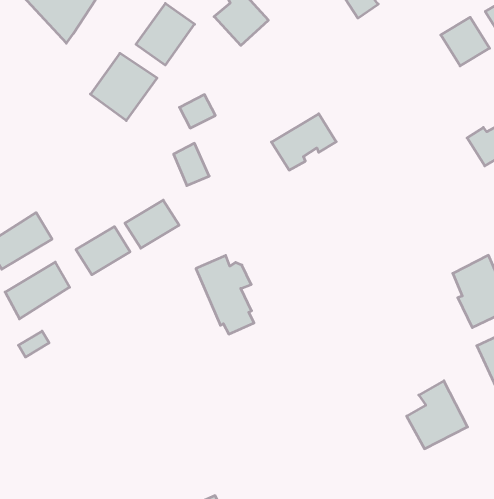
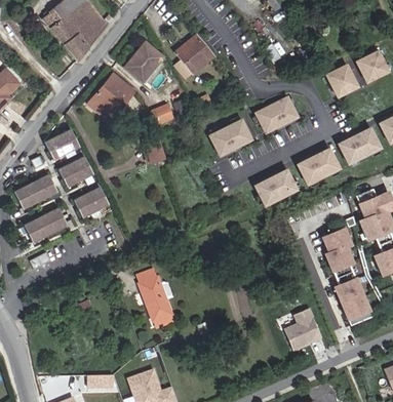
building: none -> [254,98,298,134]
building: none -> [44,128,79,160]
building: none -> [298,150,340,187]
building: none -> [254,171,297,208]
building: [125,200,179,248] -> [57,156,93,187]
building: [196,255,254,334] -> [137,276,173,328]

